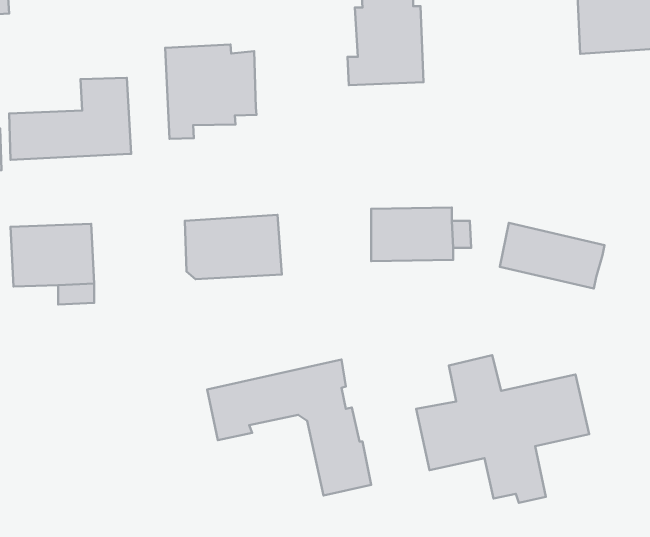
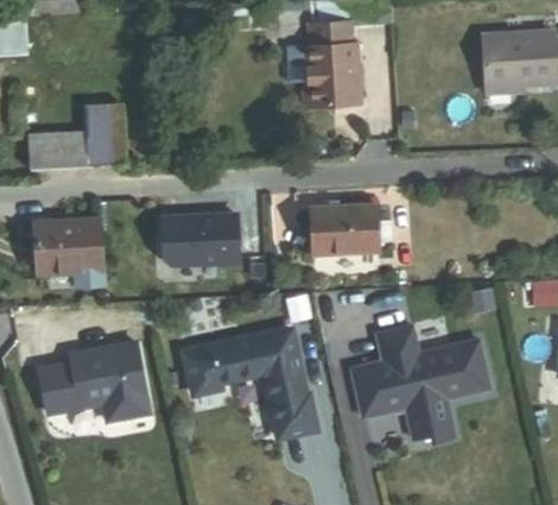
building: [165,44,256,139] -> none
building: [500,223,605,289] -> none
building: none -> [40,341,150,419]

